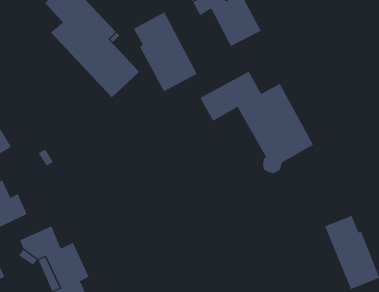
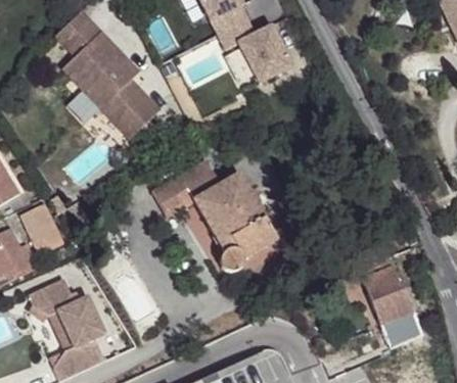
building: [133,11,197,92] -> none
building: [200,71,314,174] -> [151,159,276,272]
building: none -> [19,203,62,253]

